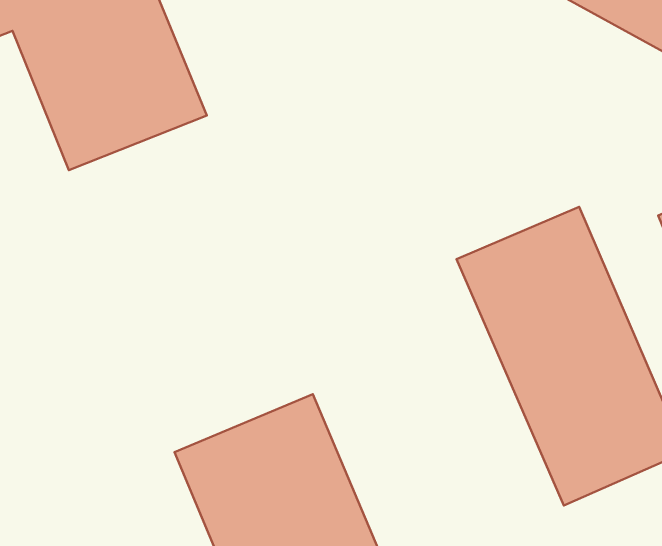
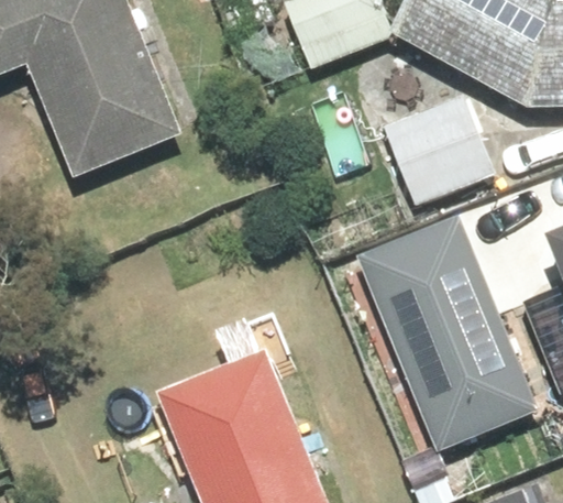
building: none -> [372,61,499,211]

